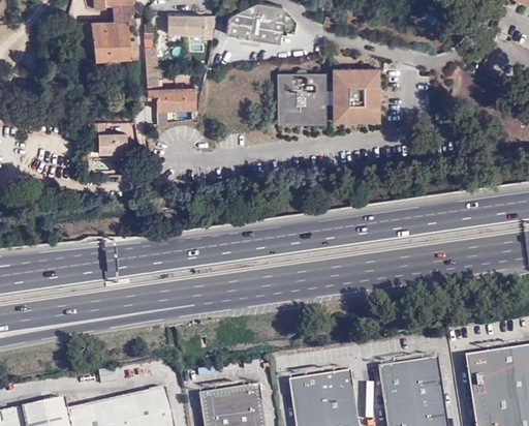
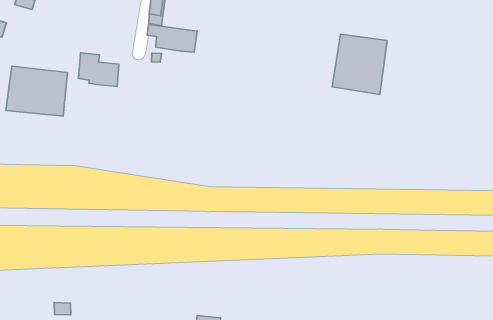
building: [277,68,326,125] -> none
building: none -> [6,66,68,116]

